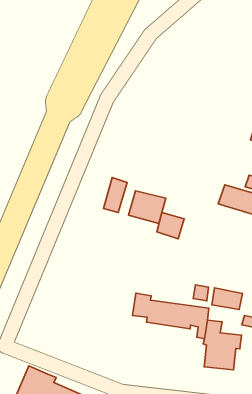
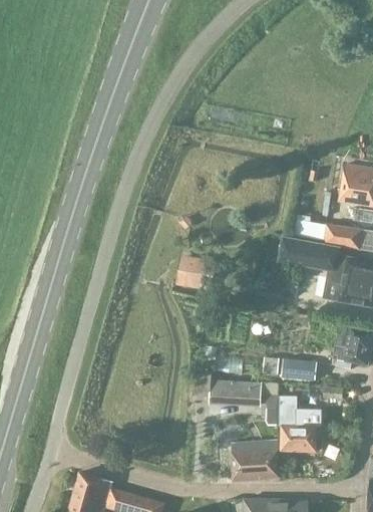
building: [103,177,127,212] -> none
building: [157,213,184,239] -> none
building: none -> [231,441,279,480]

